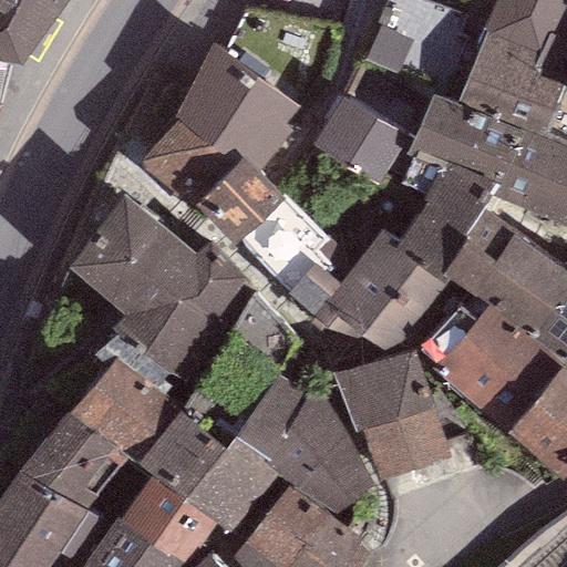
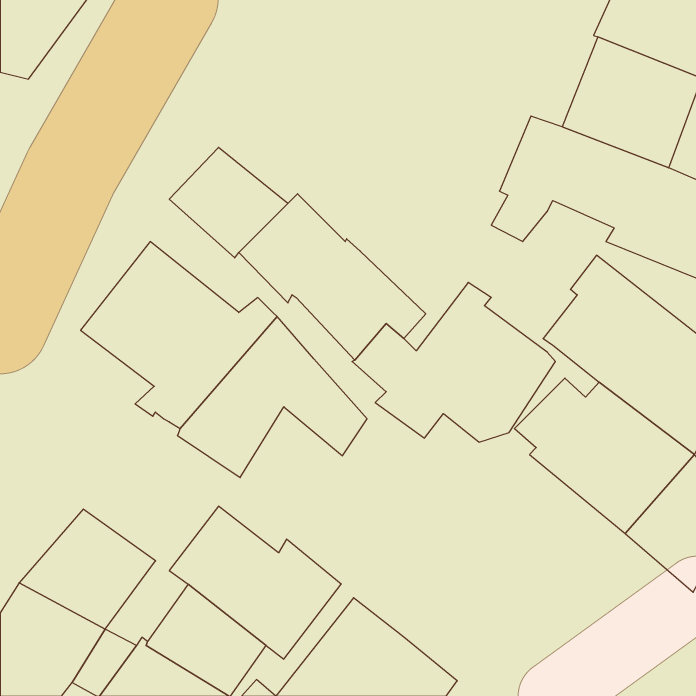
building: [172,42,300,172] -> none
building: [315,94,409,183] -> none
building: [394,163,499,286] -> none
building: [69,336,196,463] -> none
building: [334,351,449,480] -> none
building: [234,375,374,517] -> none

